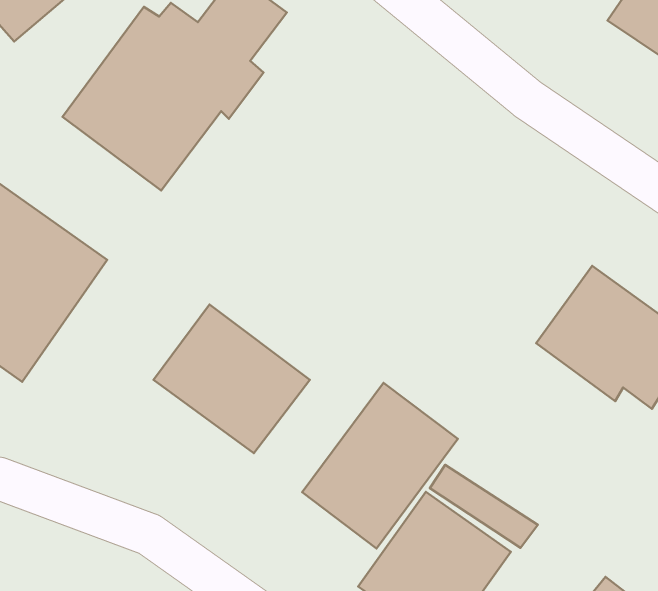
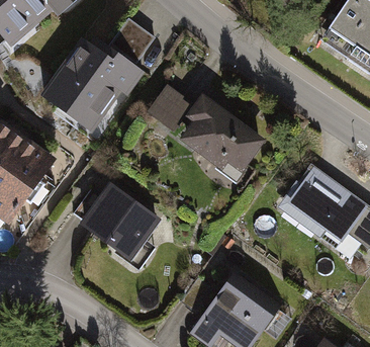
building: none -> [149,85,266,175]
building: [302,383,458,548] -> none

